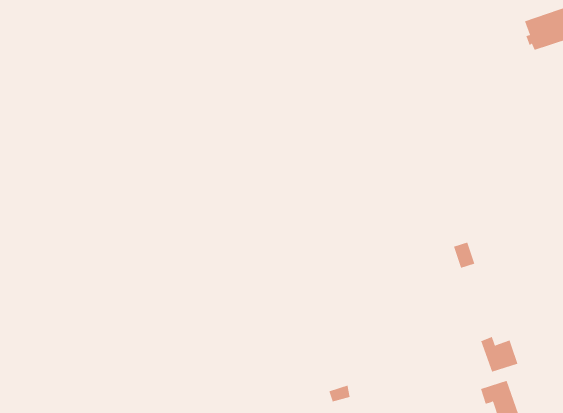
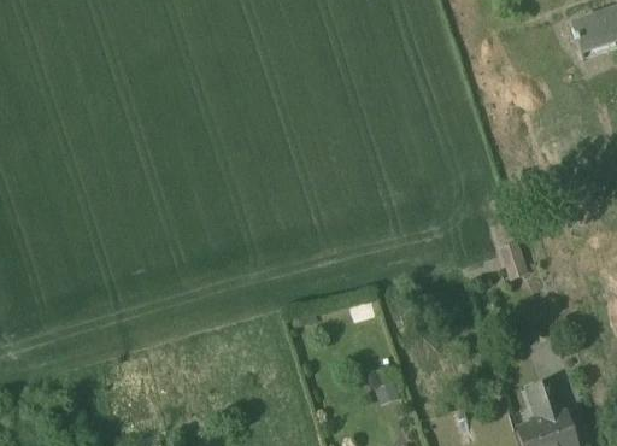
building: [480,304,518,373] -> none

